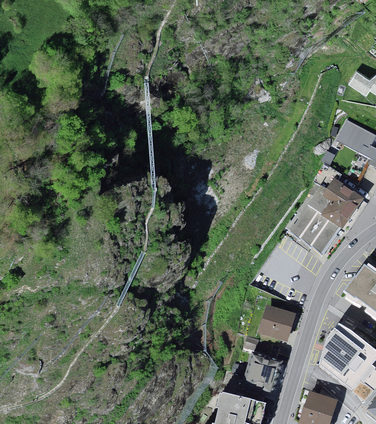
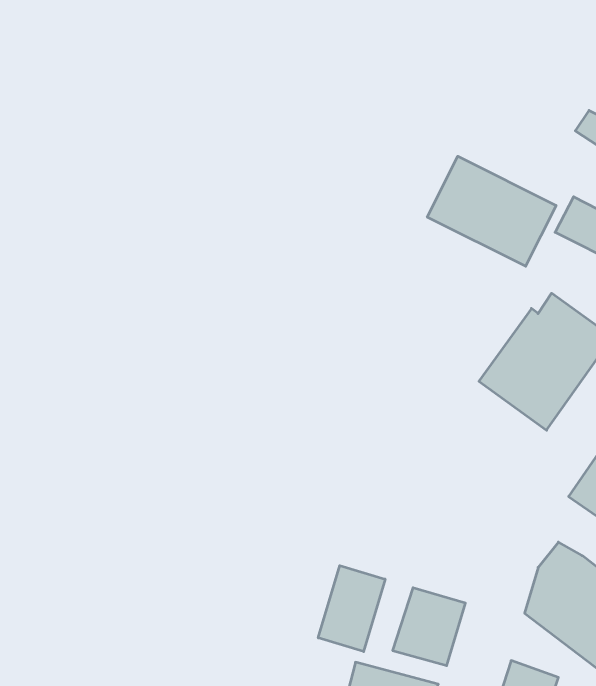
building: none -> [427,156,556,266]
building: [259,307,295,344] -> none
building: none -> [318,566,385,652]

